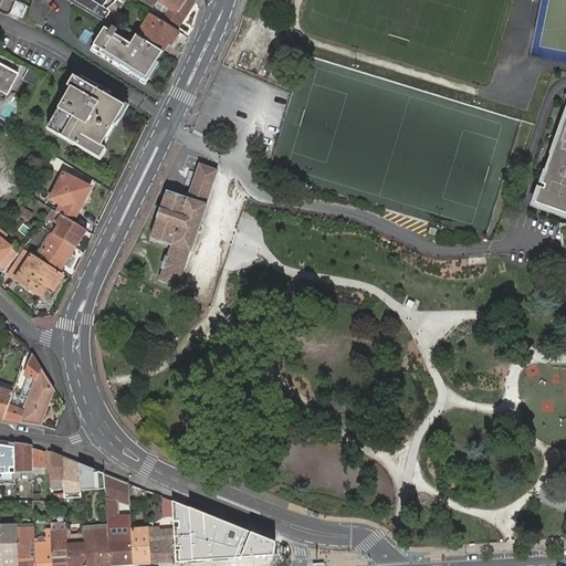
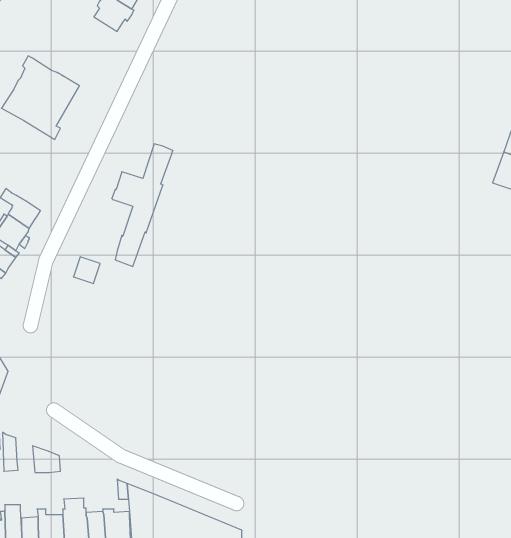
building: [92,24,161,80] -> none
building: [50,172,90,220] -> none
building: [150,218,177,244] -> [73,257,100,284]
building: [61,454,80,503] -> none
building: [104,472,129,513] -> none

